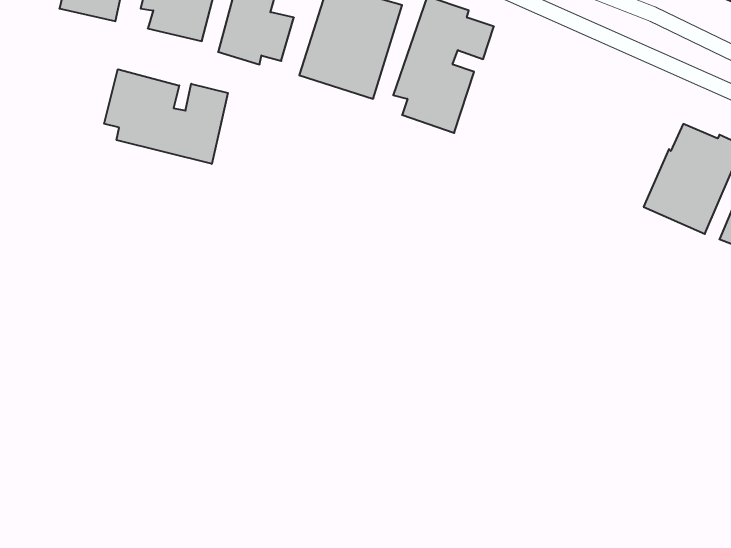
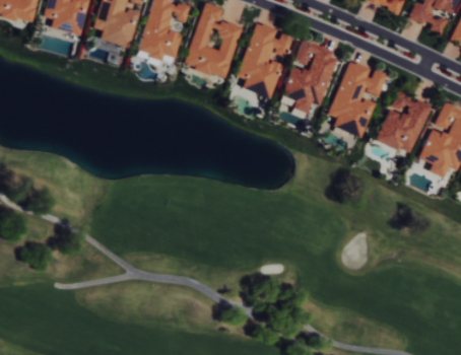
building: none -> [282,41,340,114]
building: none -> [330,60,390,137]
building: [104,69,228,164] -> none

